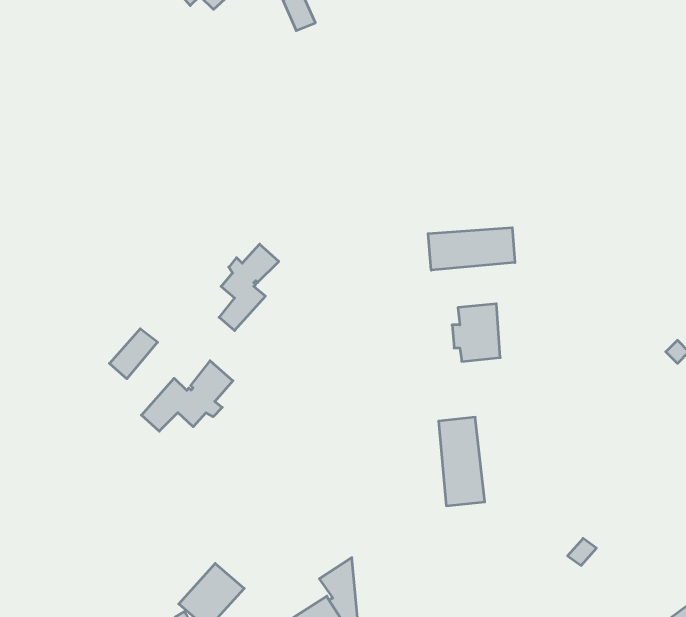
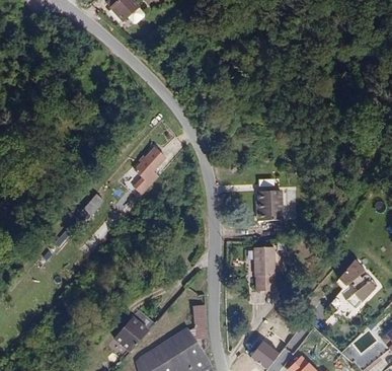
building: [428,228,515,270] -> none
building: [141,361,233,431] -> none
building: none -> [336,257,374,308]

